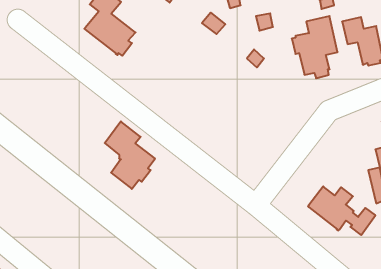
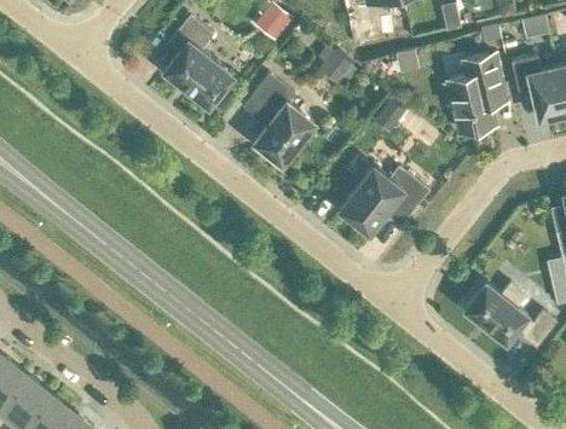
building: none -> [340,164,428,237]
building: [105,121,155,189] -> [247,73,314,163]

